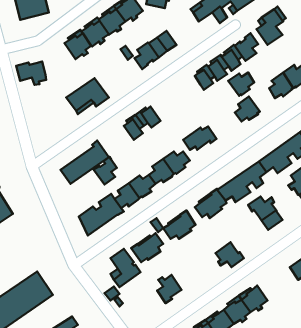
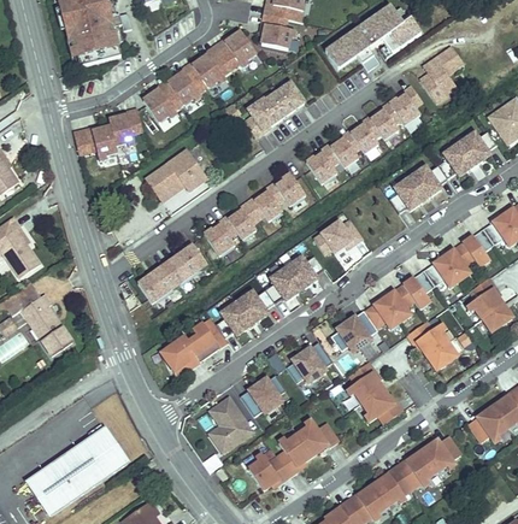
building: none -> [108,108,142,145]
building: [228,73,254,96] -> [410,164,447,198]
building: none -> [306,142,340,183]
building: none -> [265,172,305,211]
building: [94,157,117,184] -> [204,214,237,254]
building: none -> [347,360,383,402]
building: none -> [298,419,339,455]
building: none -> [422,435,461,471]
building: none -> [249,453,289,489]

